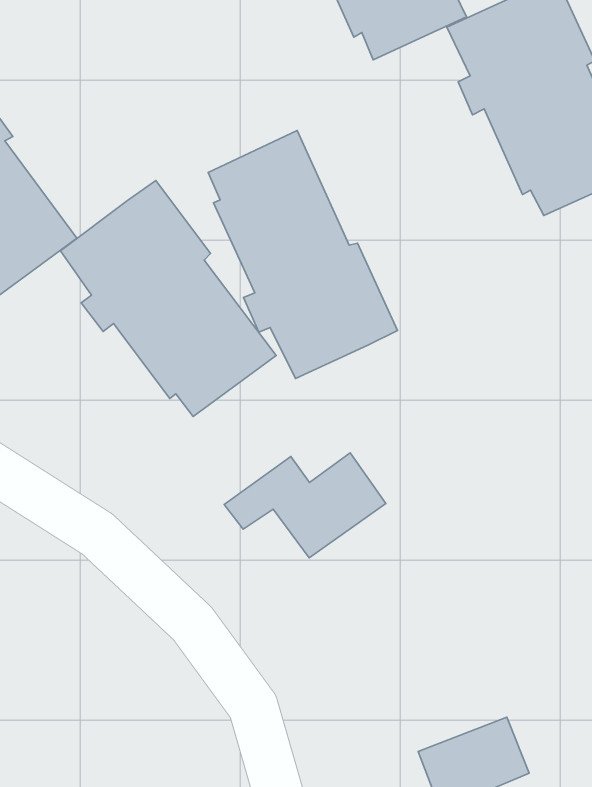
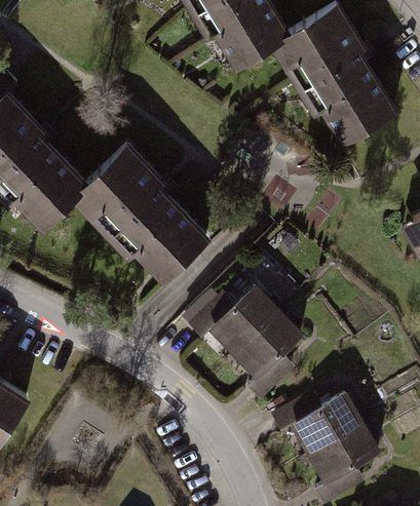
building: [208,131,398,378] -> none
building: none -> [241,313,304,401]
building: none -> [272,392,364,450]

